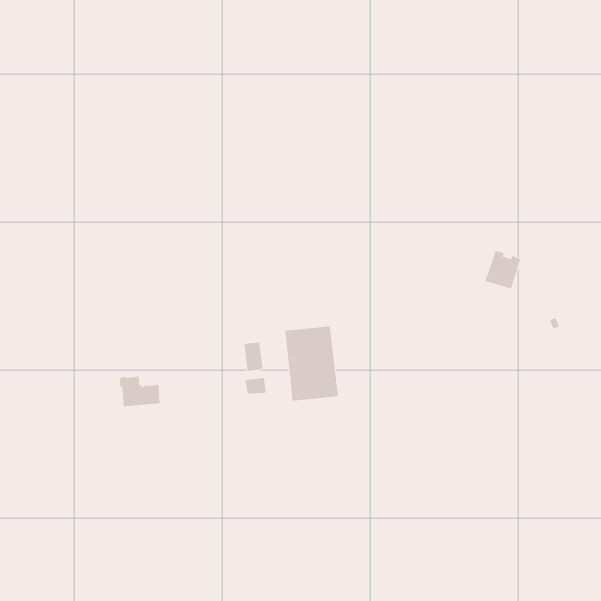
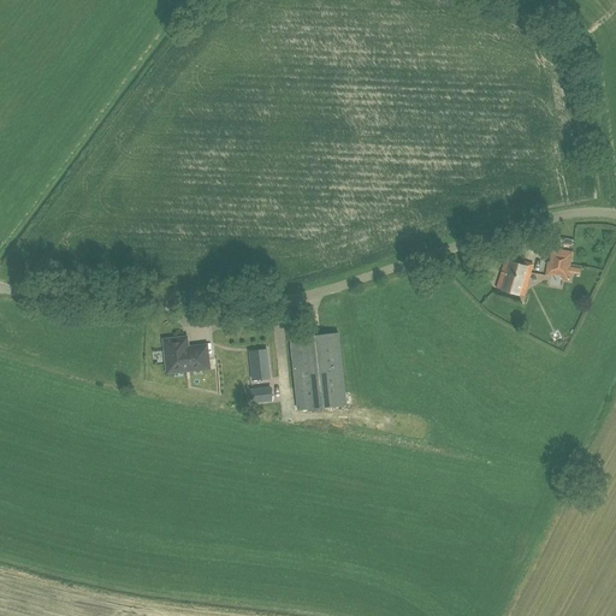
building: none -> [545,249,571,279]
building: [119,376,160,407] -> [165,339,207,371]

